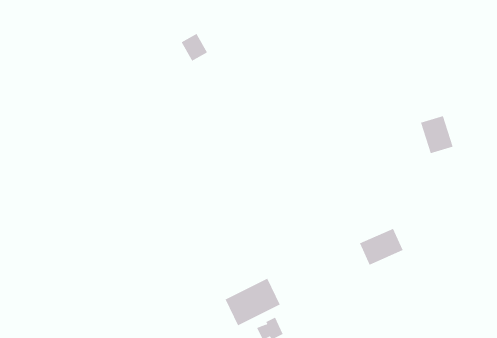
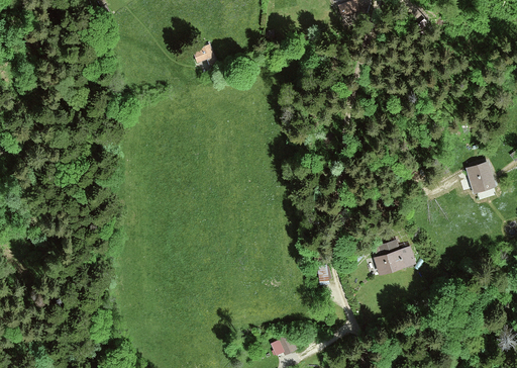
building: [420,115,454,154] -> [467,160,500,198]
building: [225,278,281,326] -> none

